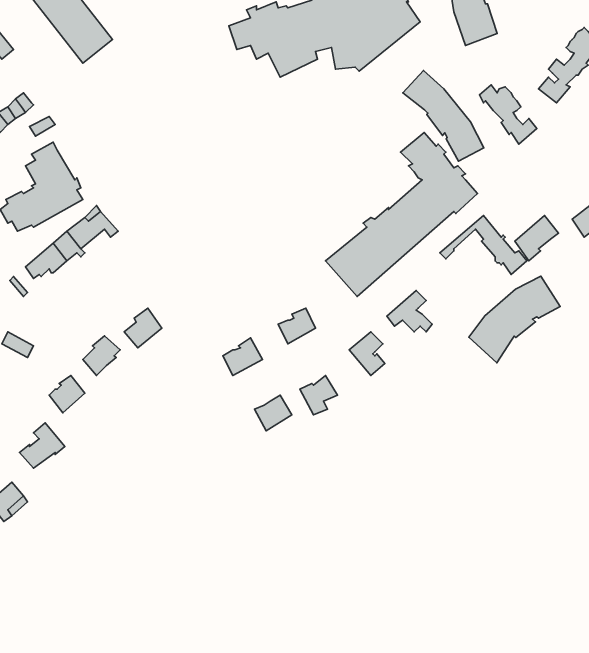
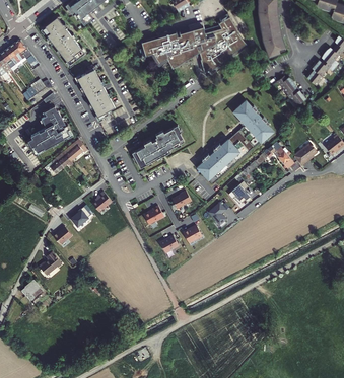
building: none -> [78,66,115,119]
building: [403,70,484,161] -> none
building: none -> [131,126,184,169]
building: [469,276,560,363] -> none

